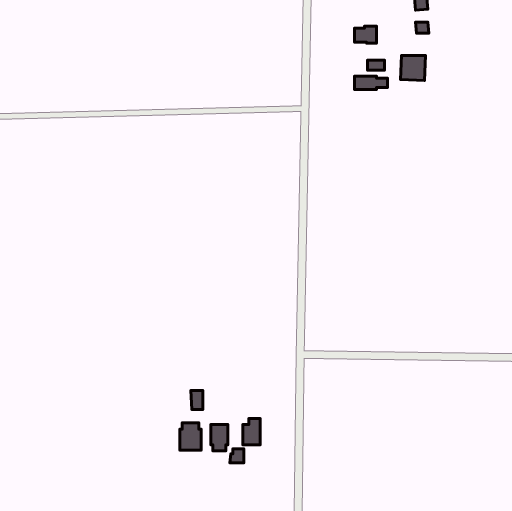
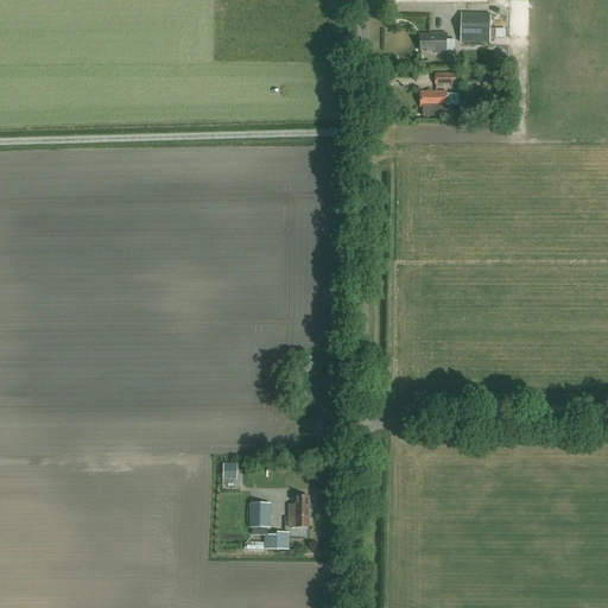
building: [400,55,425,80] -> [460,12,489,42]
building: [180,423,201,450] -> none

